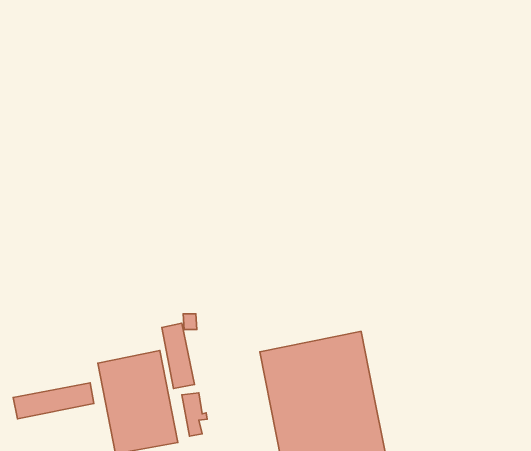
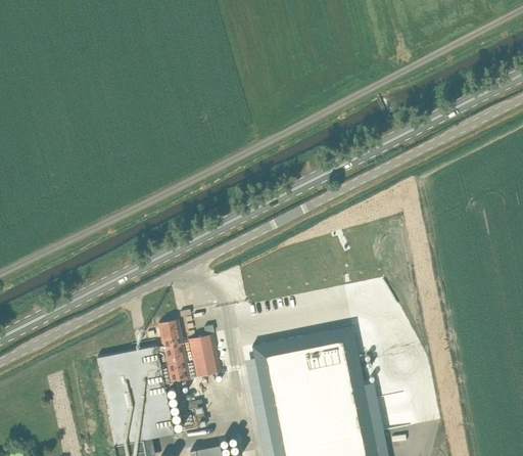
building: none -> [190,337,221,379]
building: [13,383,94,419] -> none

